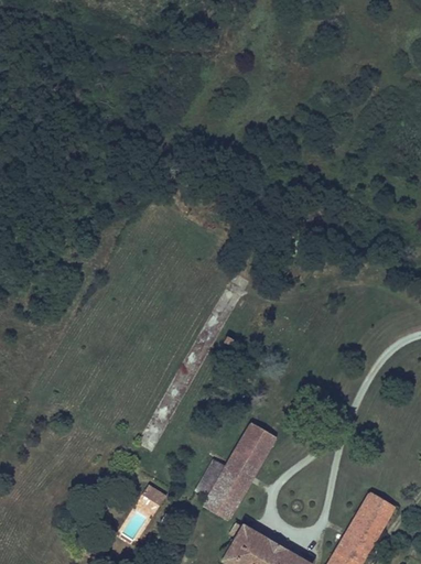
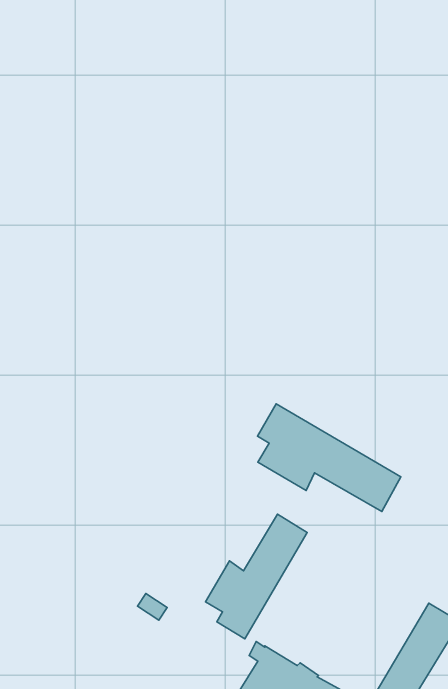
building: none -> [258,404,401,511]

